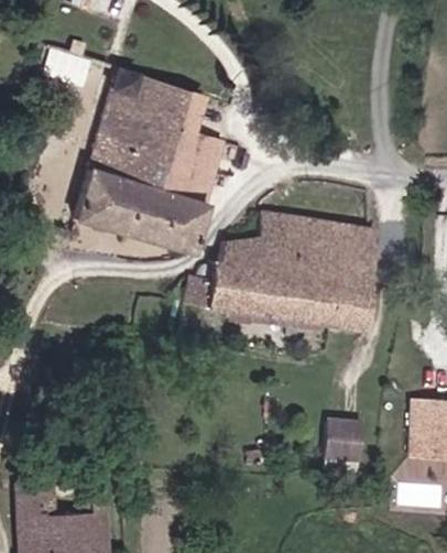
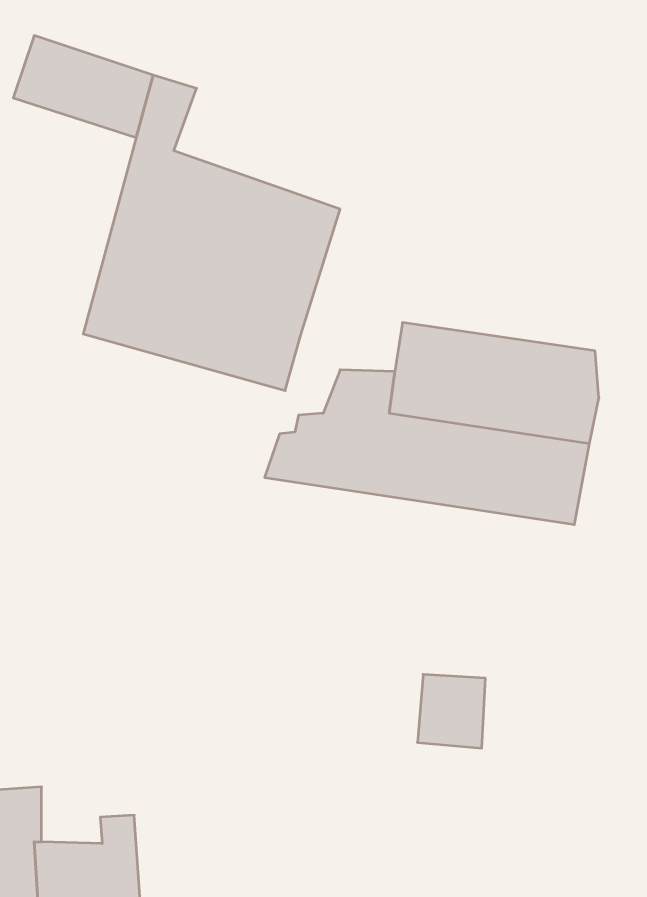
building: [128,76,206,135] -> none
building: [321,422,361,465] -> [417,674,485,748]

